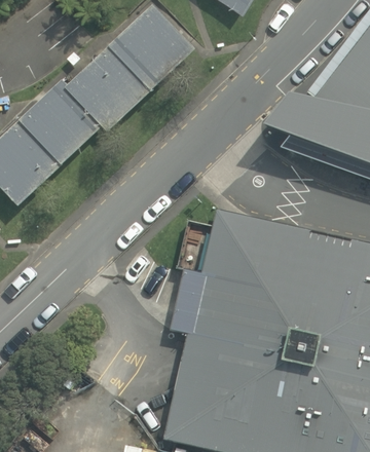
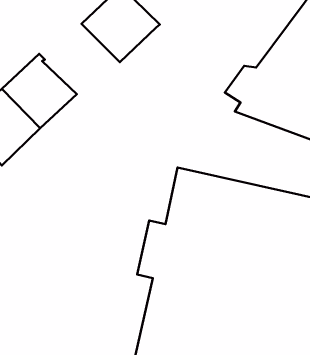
building: [63,47,150,131] -> none

